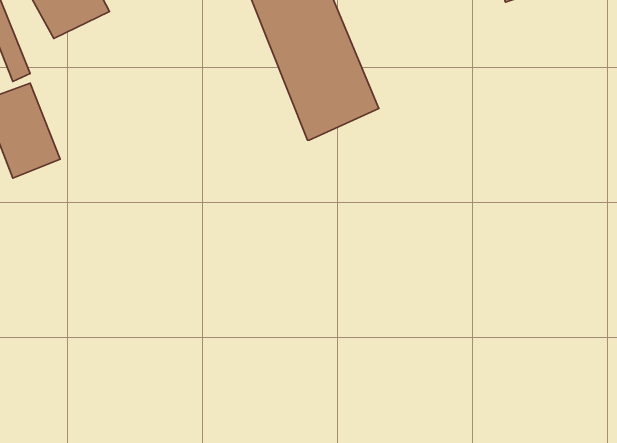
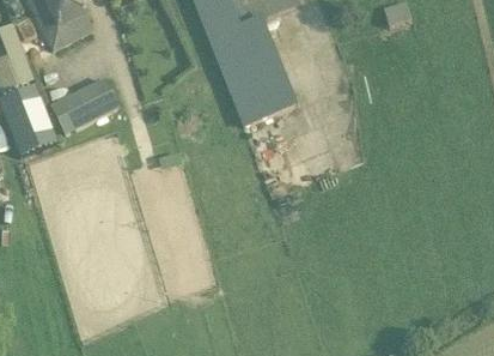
building: none -> [48,74,117,133]

